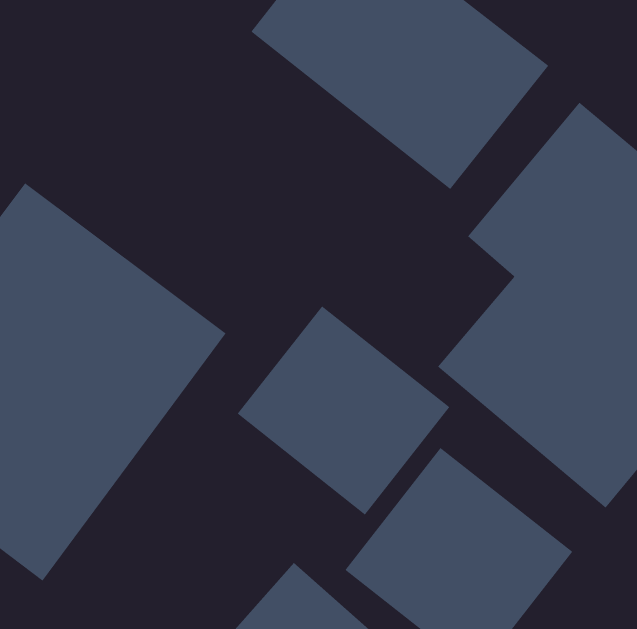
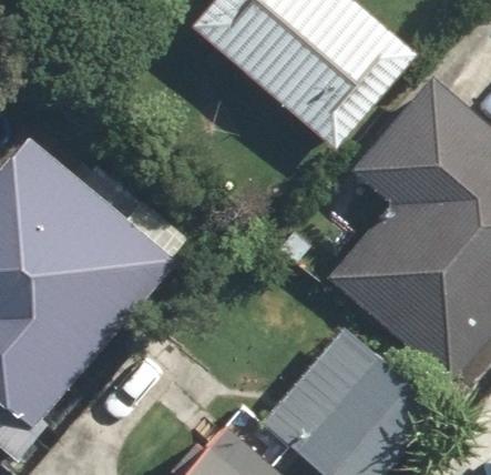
building: [237,305,450,516] -> none

